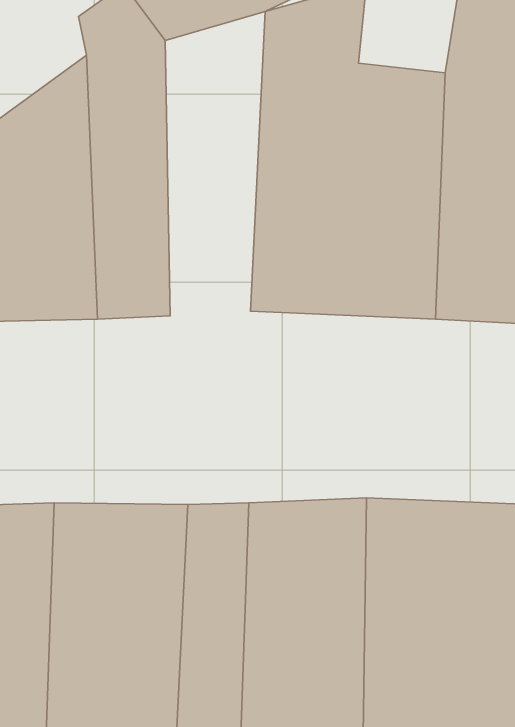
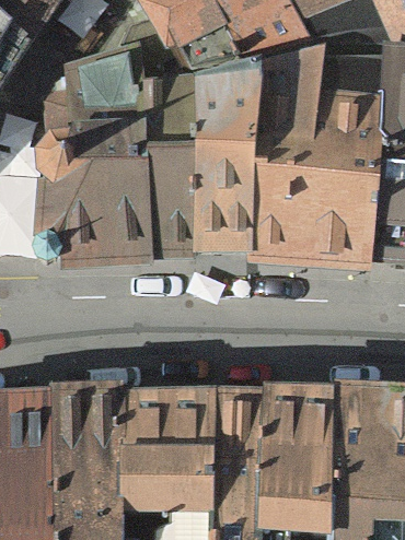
building: none -> [154,49,222,256]

